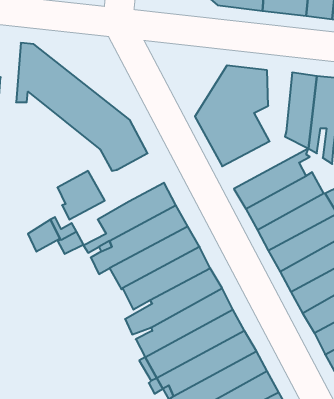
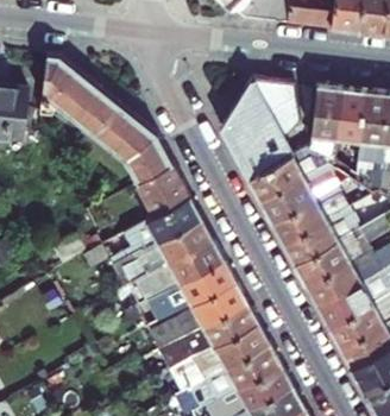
building: none -> [247,145,334,202]
building: [57,171,105,220] -> [141,166,189,215]

